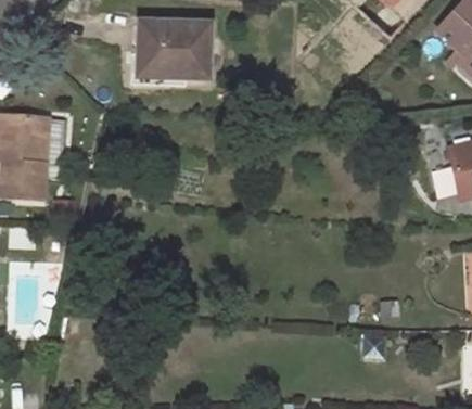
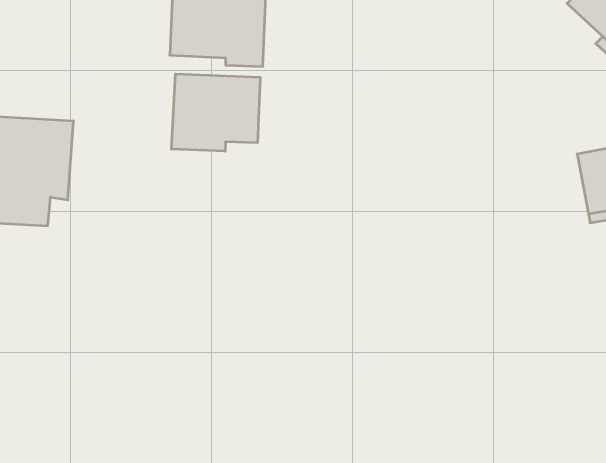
building: none -> [171,74,260,151]

